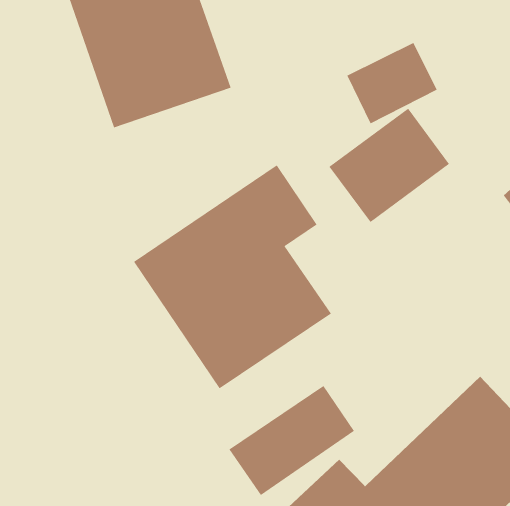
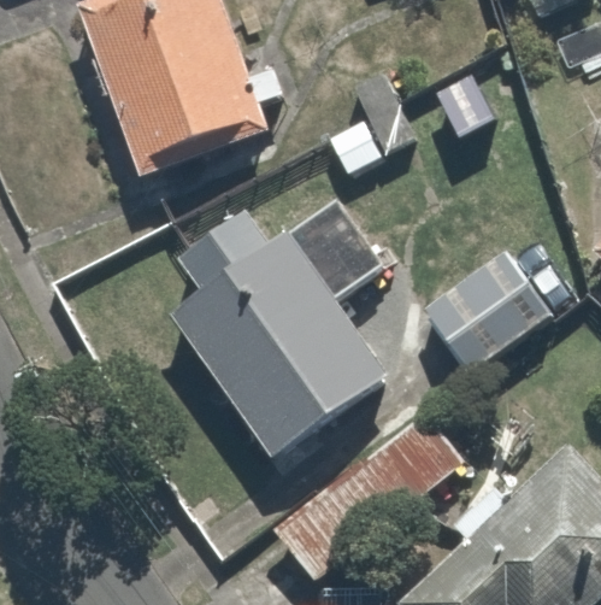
building: [329,108,450,223] -> [418,247,559,381]

